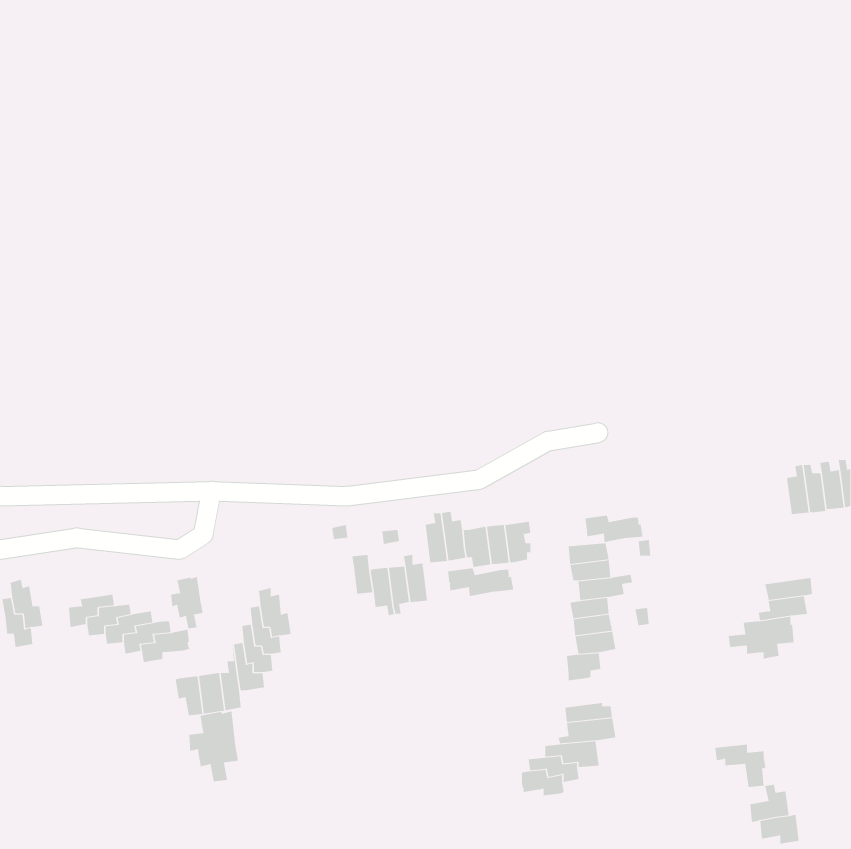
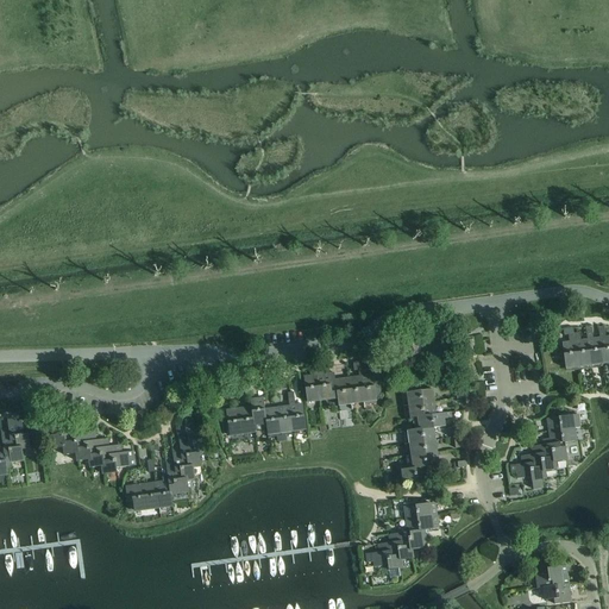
building: [585,515,643,543] -> none
building: none -> [222,404,256,435]
building: [448,568,514,597] -> none
building: [171,576,203,629] -> none
building: [189,711,238,782] -> none
building: [714,744,766,787] -> [509,462,546,492]

